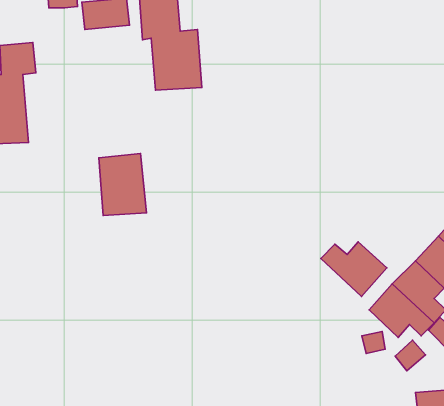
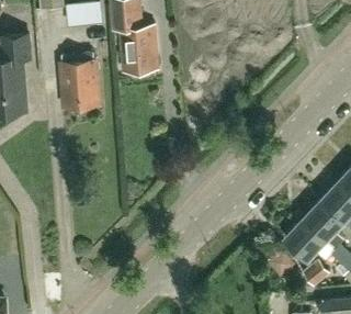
building: [99,153,146,216] -> [60,60,97,108]
building: [321,242,387,297] -> none

